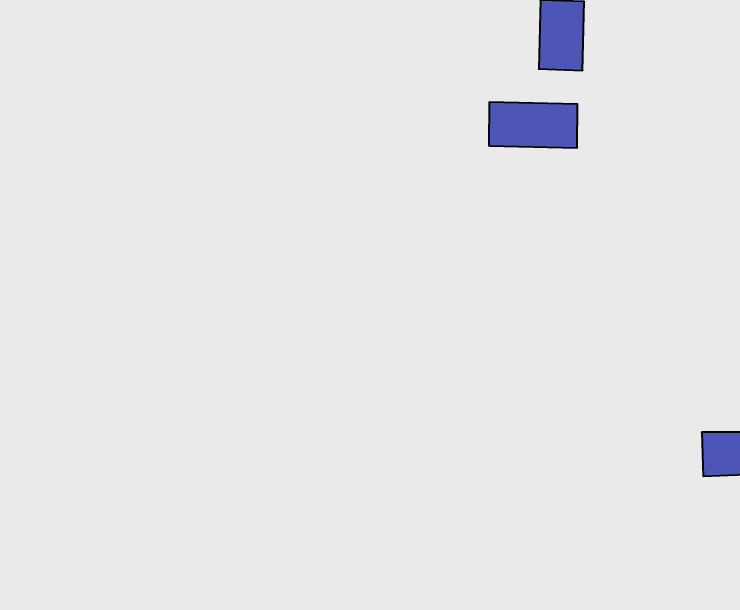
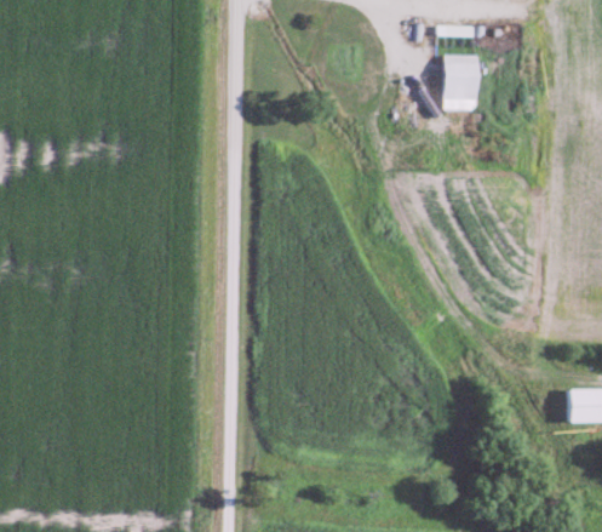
building: [489,102,577,148] -> none

